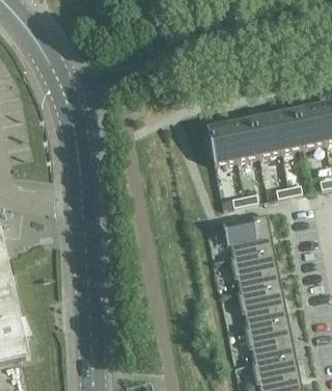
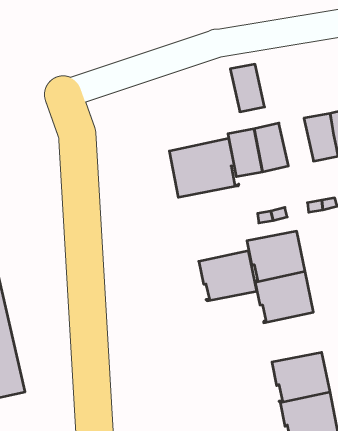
building: [250,115,280,157] -> [230,64,265,112]
building: none -> [169,138,239,197]
building: [237,285,287,329] -> [199,251,257,301]

